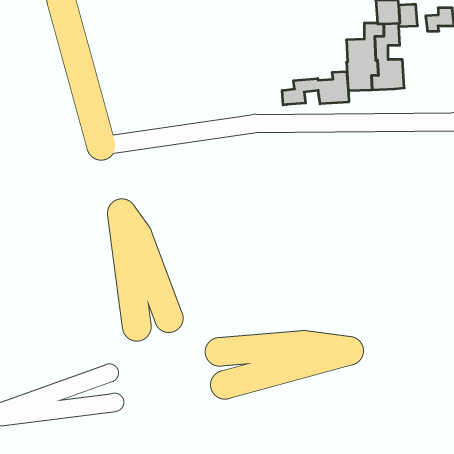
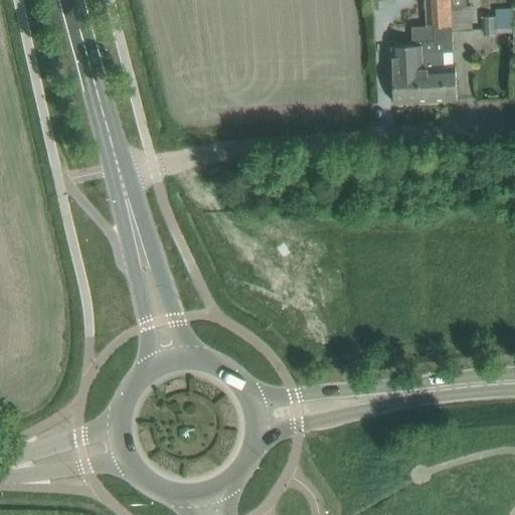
building: [282,71,349,105] -> none

